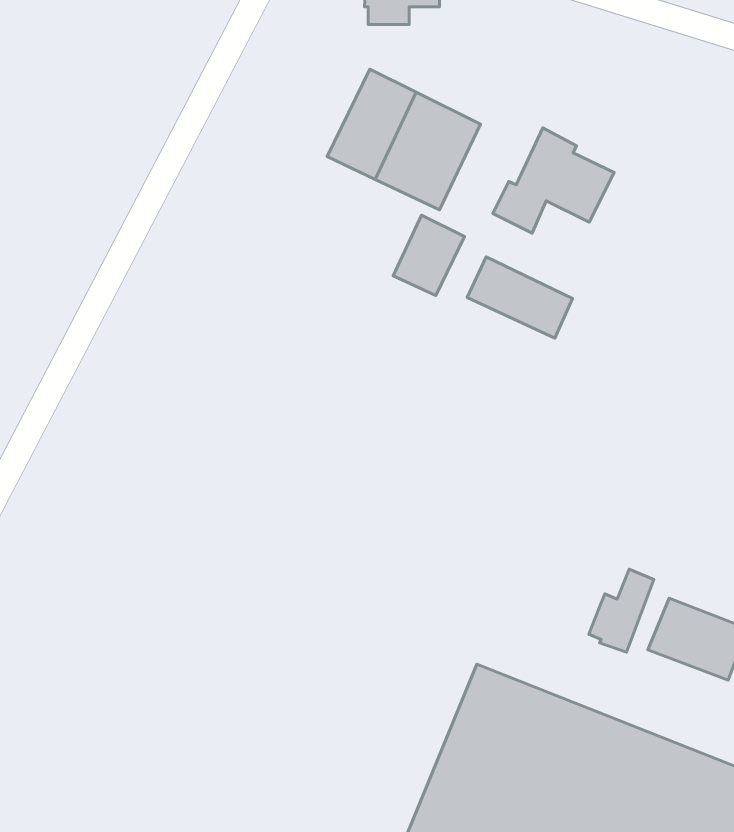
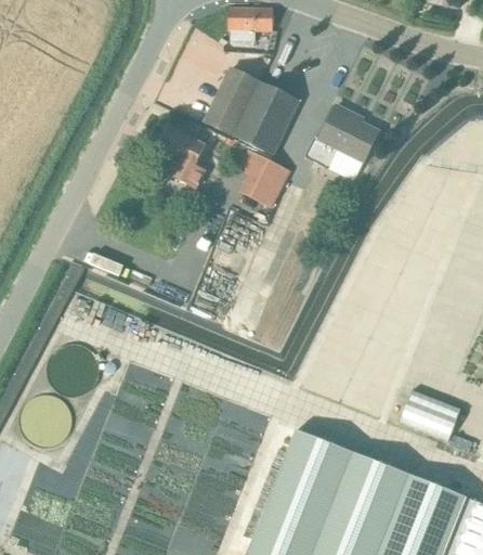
building: none -> [162,129,205,188]
building: [467,257,573,338] -> none
building: [589,569,654,652] -> none

